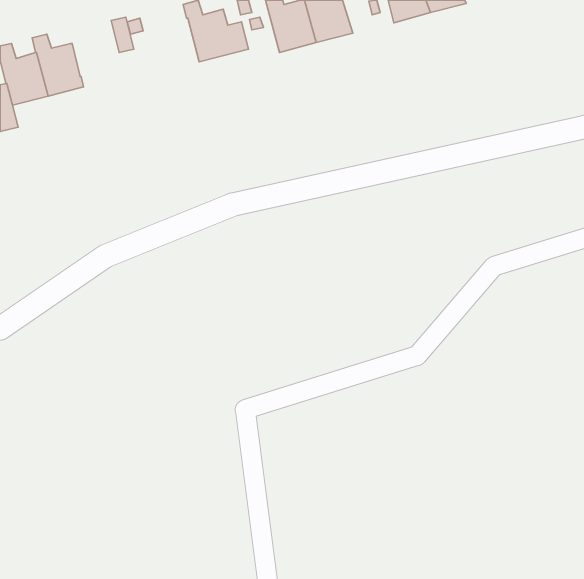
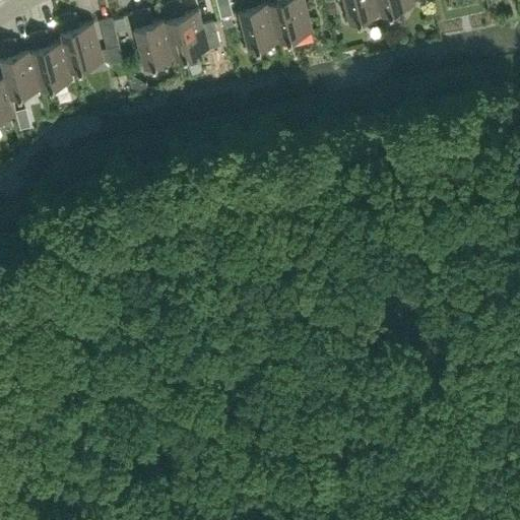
building: none -> [132,13,178,69]
building: none -> [58,17,105,73]

